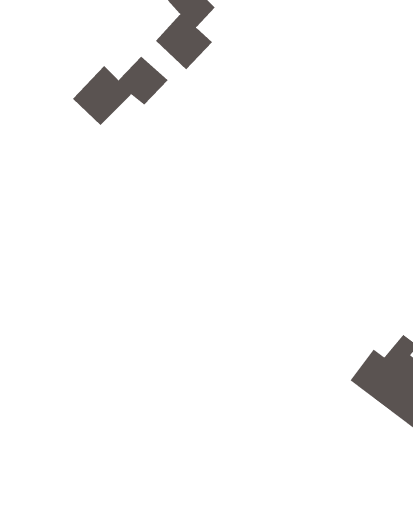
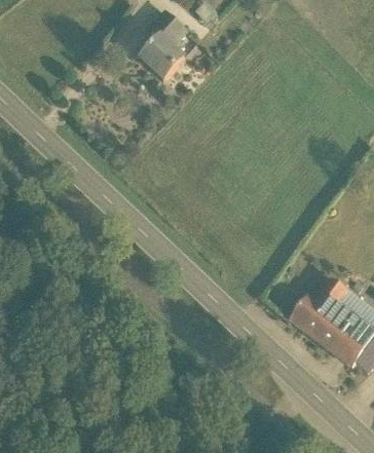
building: [72,56,169,126] -> none

